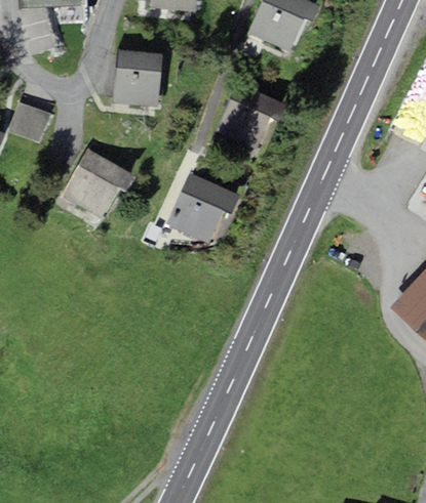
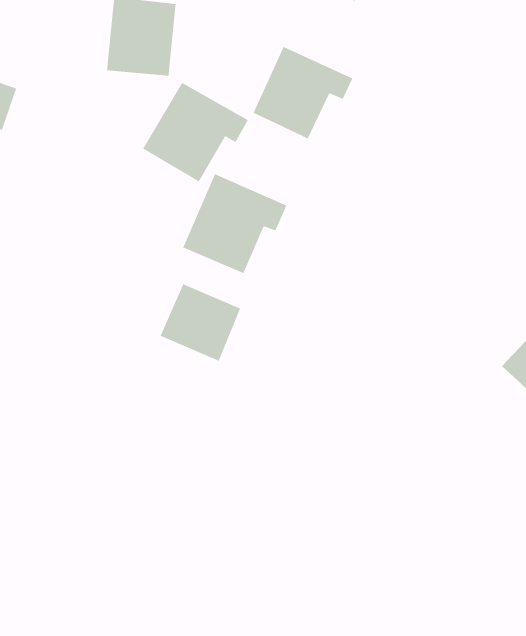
building: [62,149,137,219] -> [142,82,249,183]
building: none -> [160,283,241,362]

